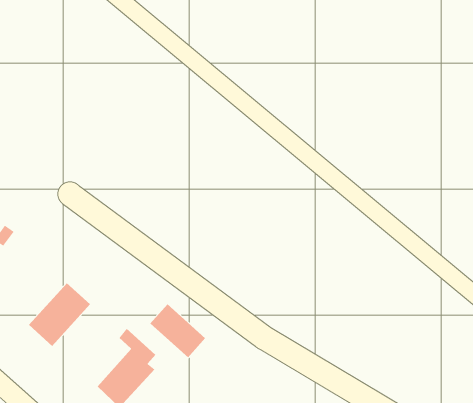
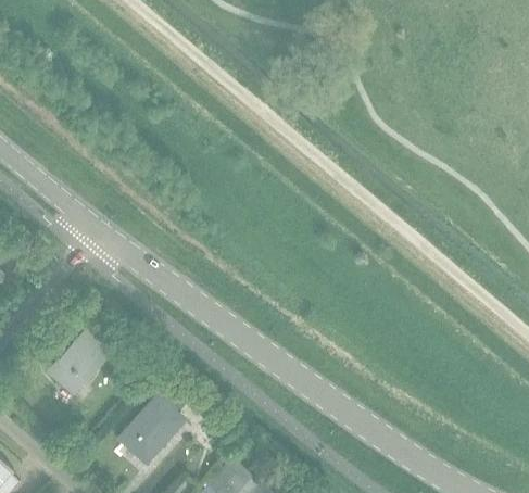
building: [150,303,206,358] -> none

